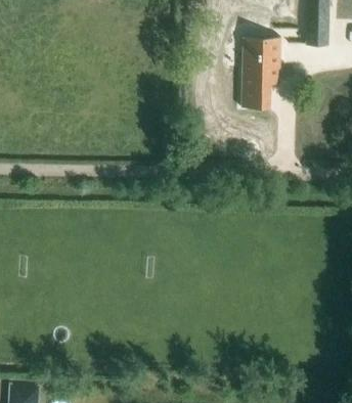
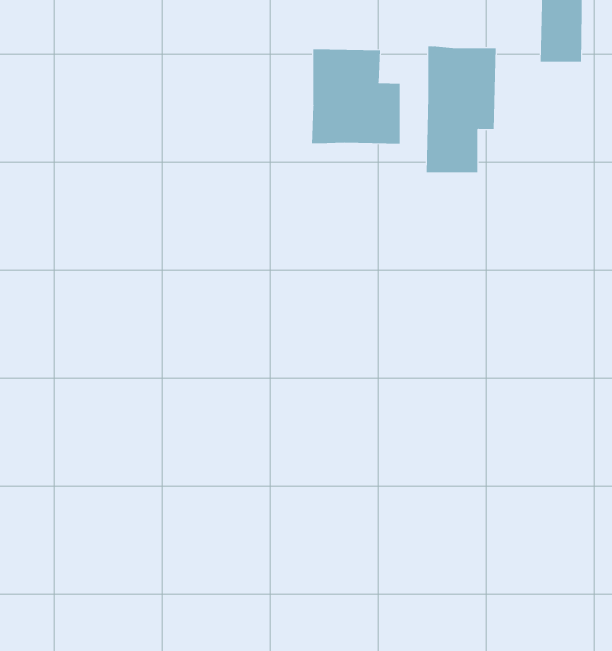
building: none -> [311,48,400,145]

